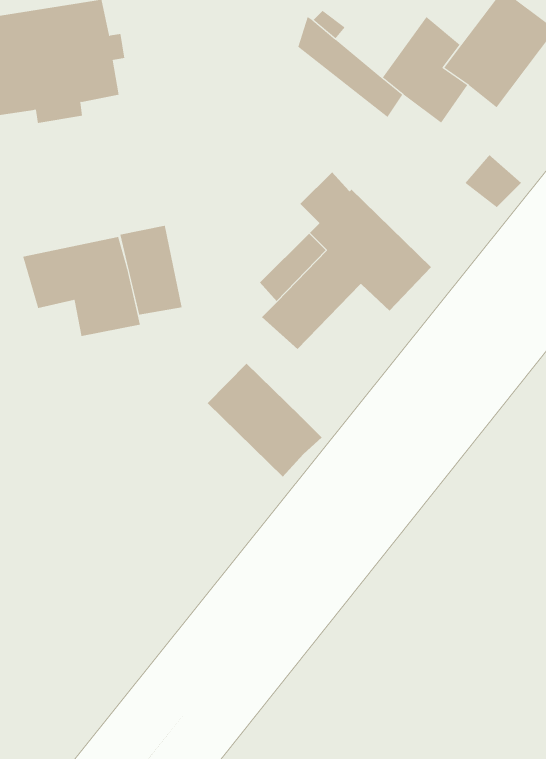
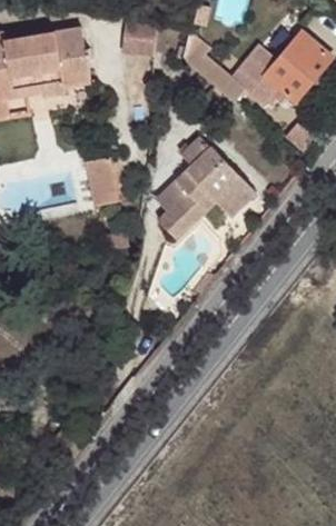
building: [23,236,141,337] -> none
building: [207,363,323,478] -> none

